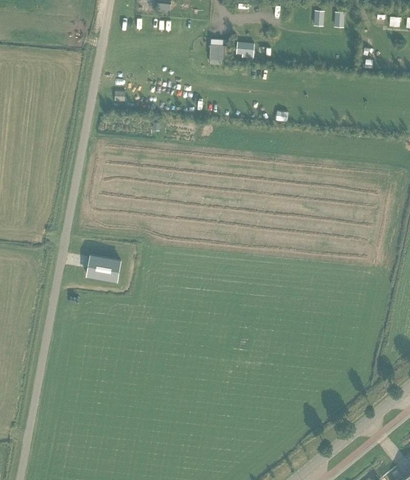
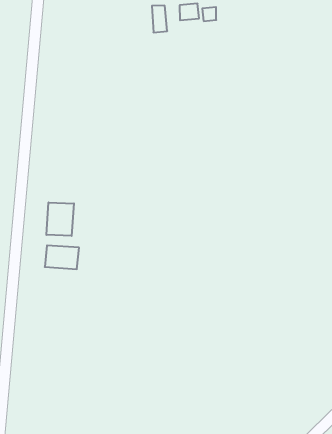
building: none -> [46,202,74,236]

